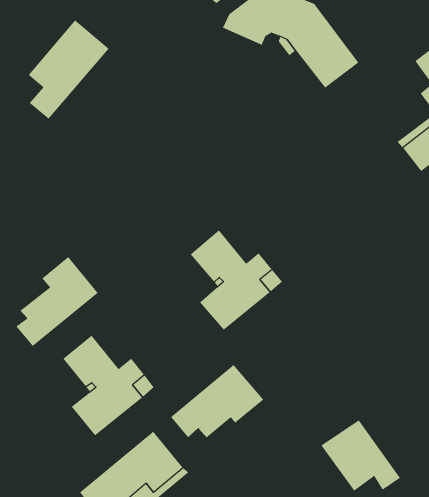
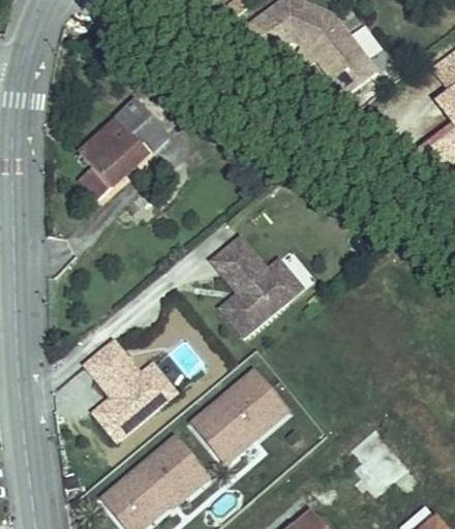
building: [28,19,109,120] -> [81,94,161,193]
building: [16,256,98,347] -> none
building: none -> [209,404,289,462]

